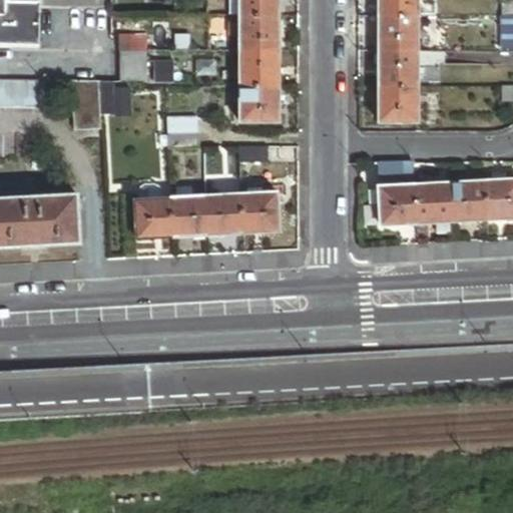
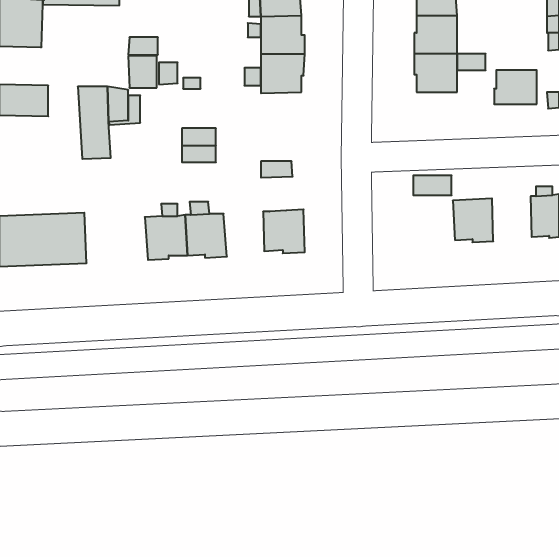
building: [238,84,279,120] -> none
building: [379,84,418,115] -> [494,70,537,104]
building: [450,179,486,220] -> none
building: [377,183,416,224] -> none
building: [204,193,241,234] -> none

